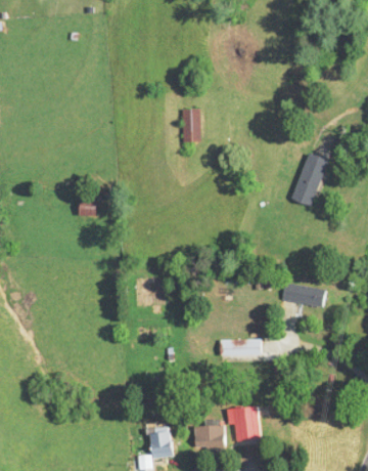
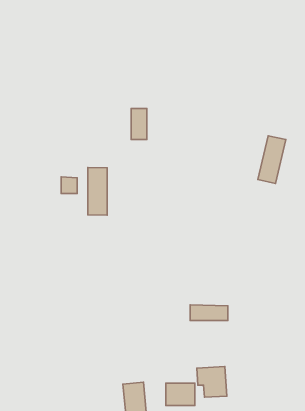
building: [183,109,200,142] -> [131,109,147,139]
building: none -> [88,167,107,215]
building: [282,283,326,308] -> none

